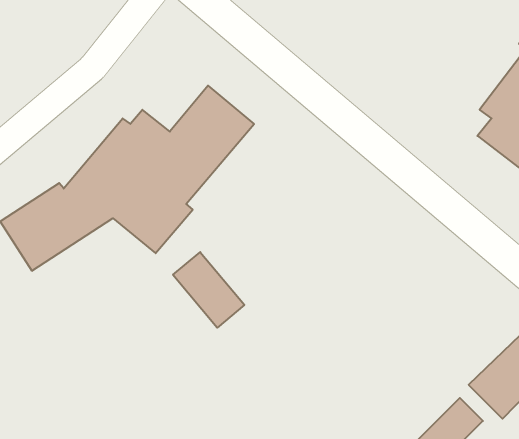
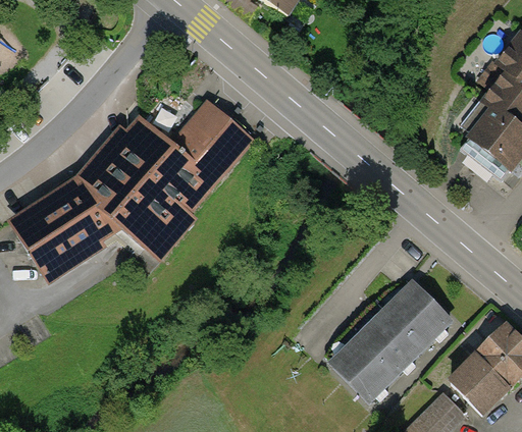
building: [173,252,244,328] -> none
building: none -> [333,282,450,396]

